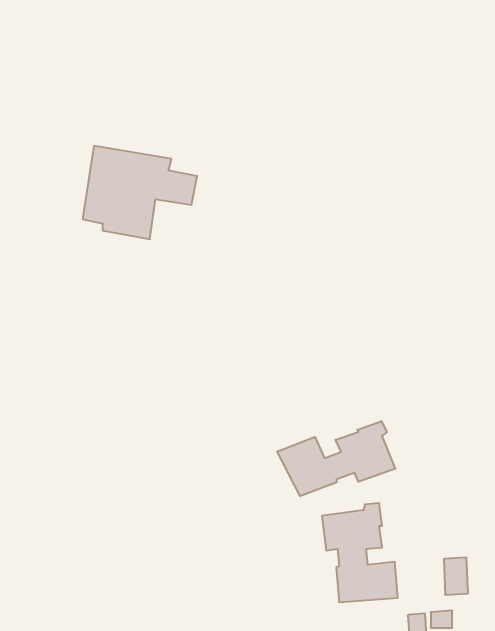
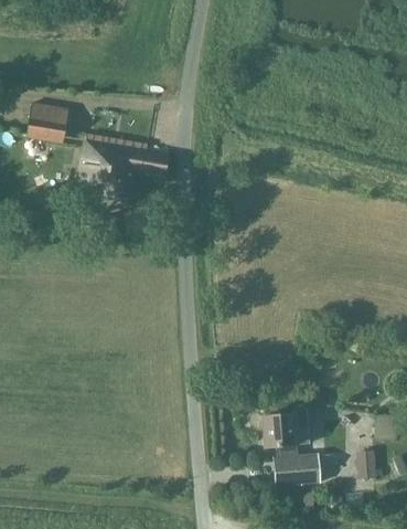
building: none -> [25,100,69,142]
building: [277,421,395,496] -> none

